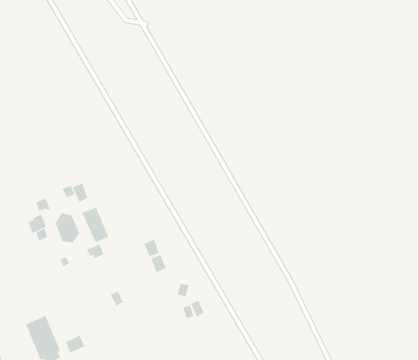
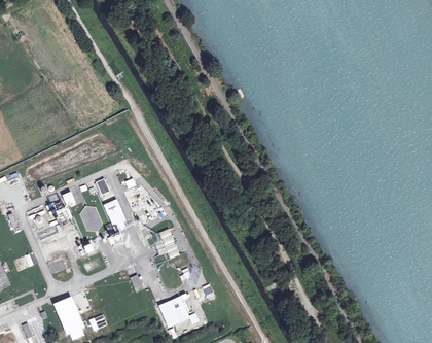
building: none -> [158,294,199,328]

